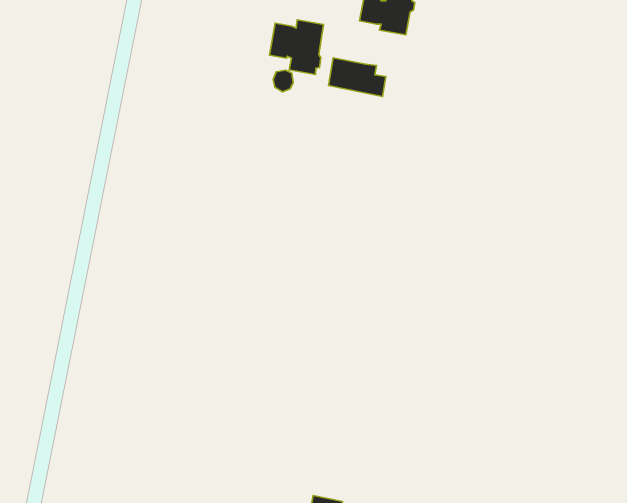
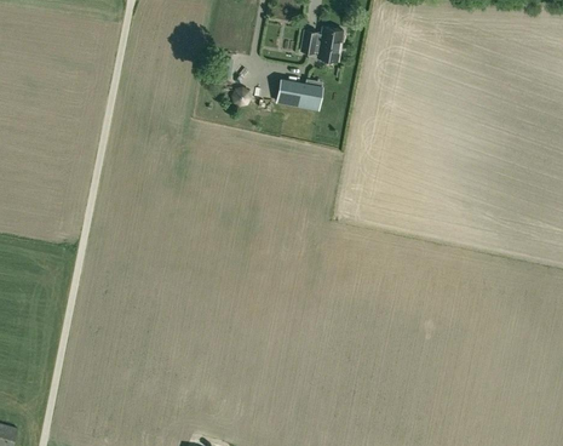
building: [270,20,323,75] -> none

